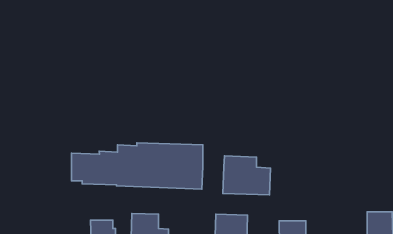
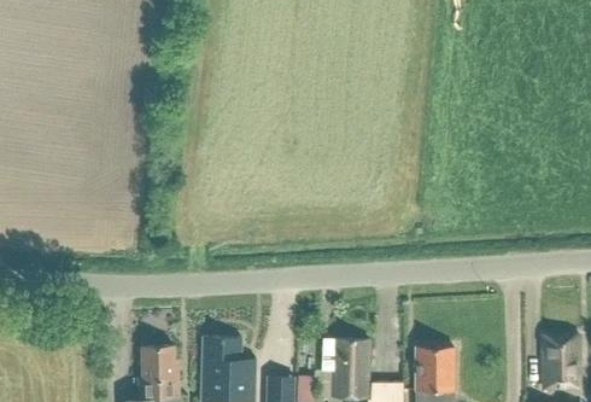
building: [72,143,203,189] -> none
building: [223,156,271,195] -> none

